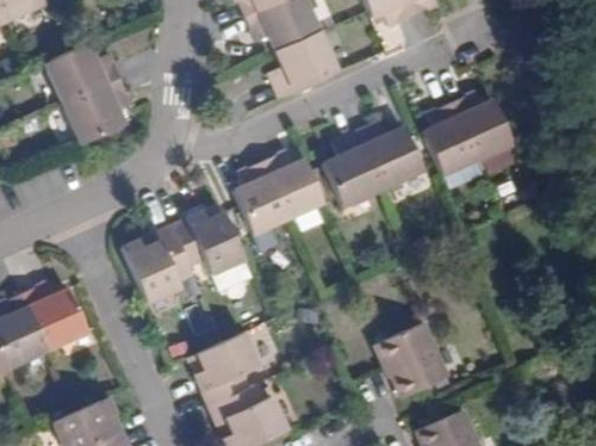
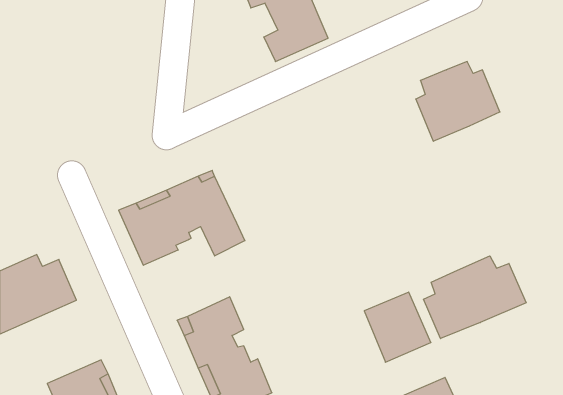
building: [44,39,125,140] -> none
building: [325,120,426,203] -> none
building: [236,149,325,230] -> none
building: none -> [424,256,526,339]

